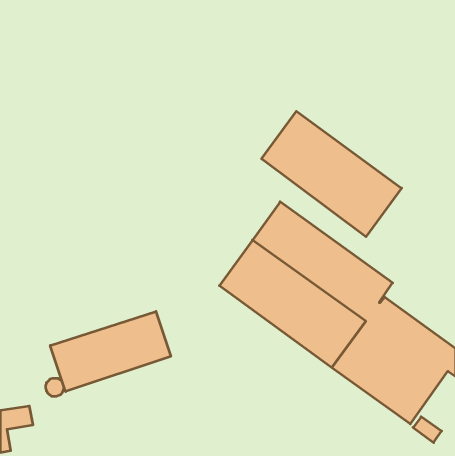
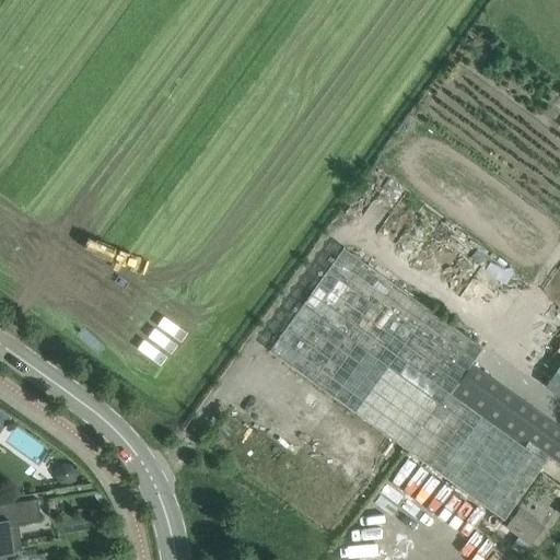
building: [262,111,402,237] -> none
building: [50,311,171,392] -> none

